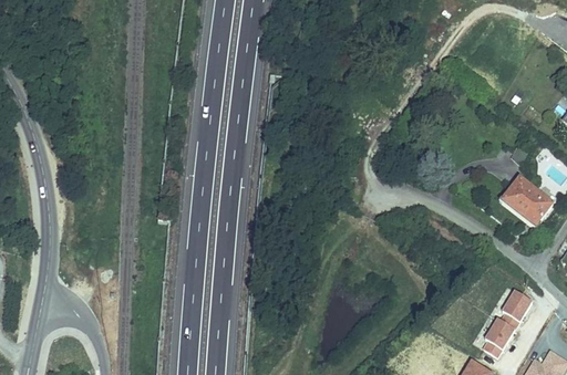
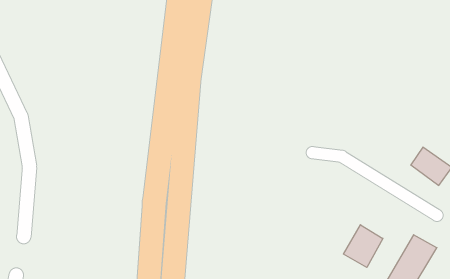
building: none -> [343,225,383,267]

